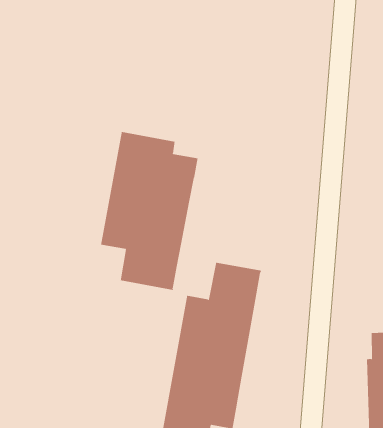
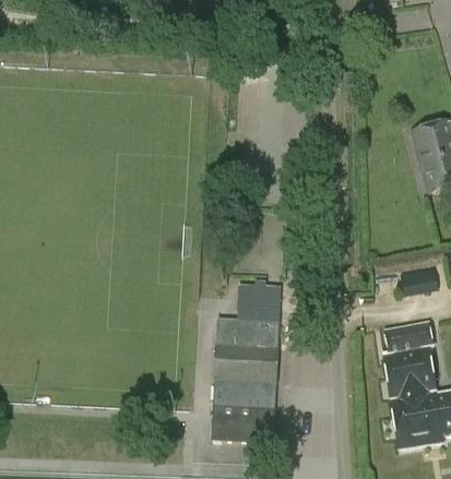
building: [101,131,198,291] -> none

